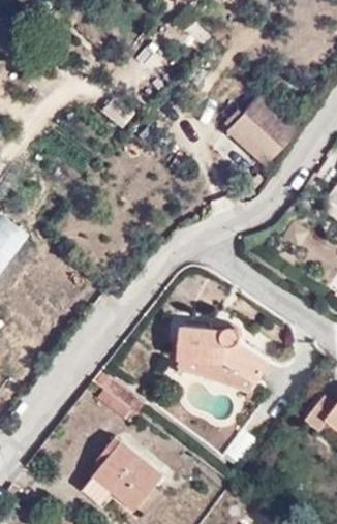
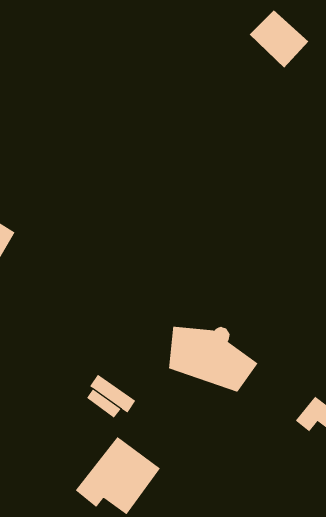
building: [220,99,280,158] -> [249,9,309,69]

